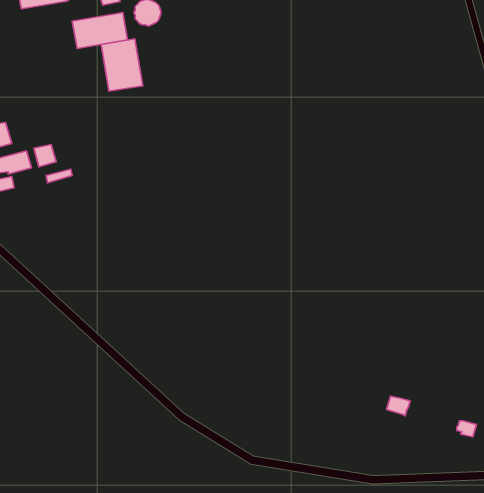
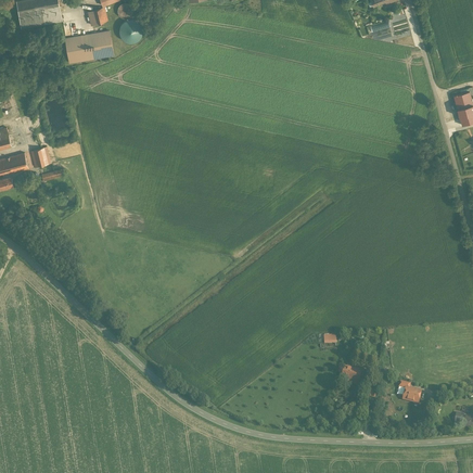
building: [101,39,143,91] -> none

